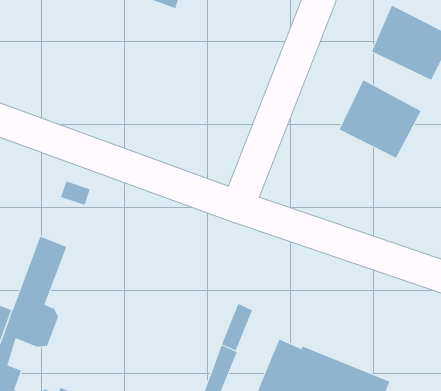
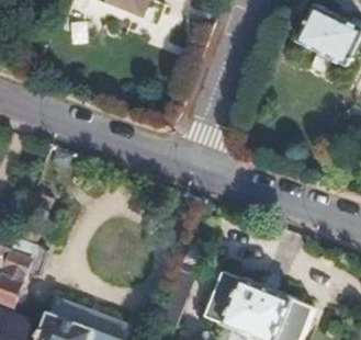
building: [339,80,422,158] -> none

